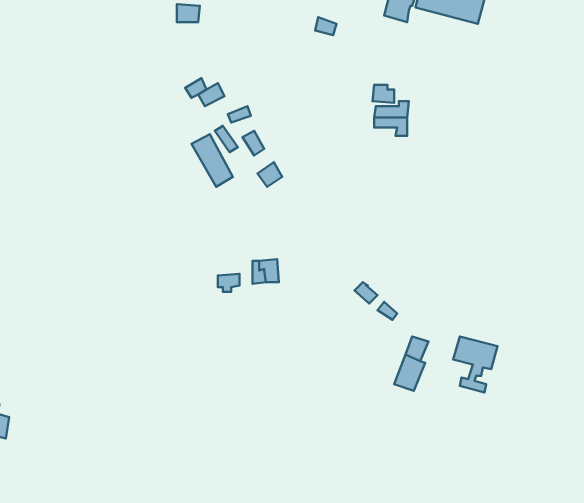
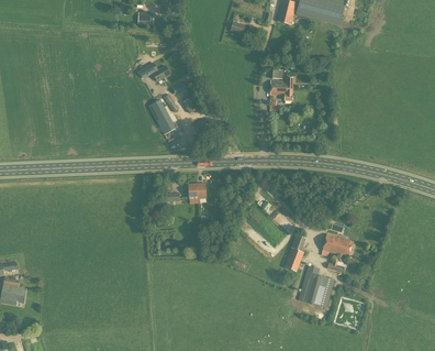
building: none -> [297,265,333,307]

